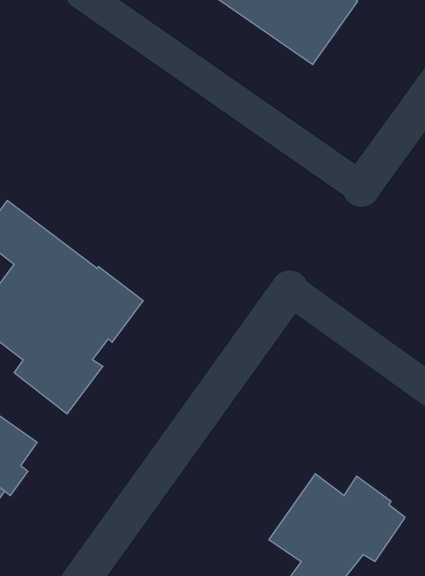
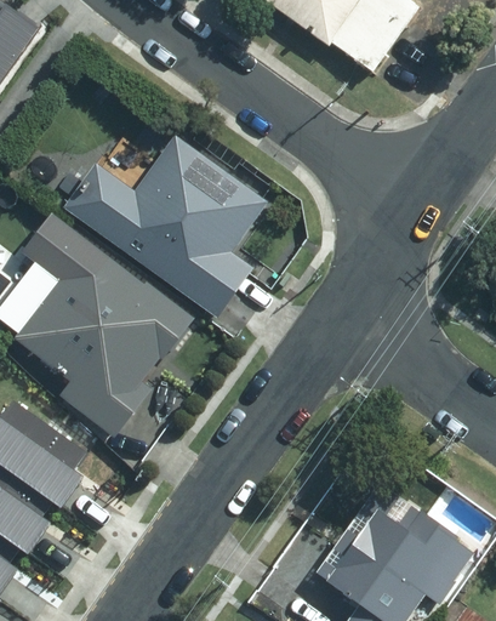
building: none -> [61,133,268,318]

